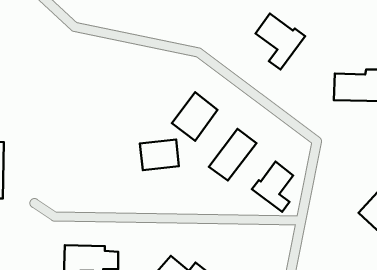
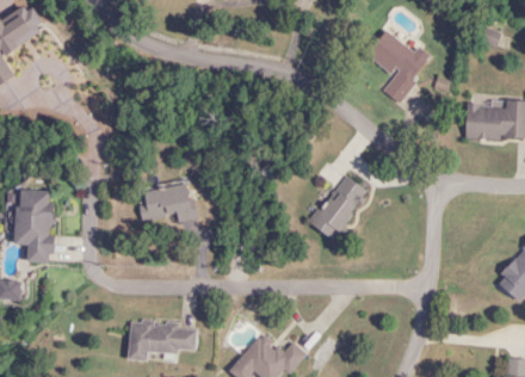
building: [172,92,218,141] -> none
building: [140,140,179,170] -> [144,184,193,222]
building: [252,162,293,212] -> none

